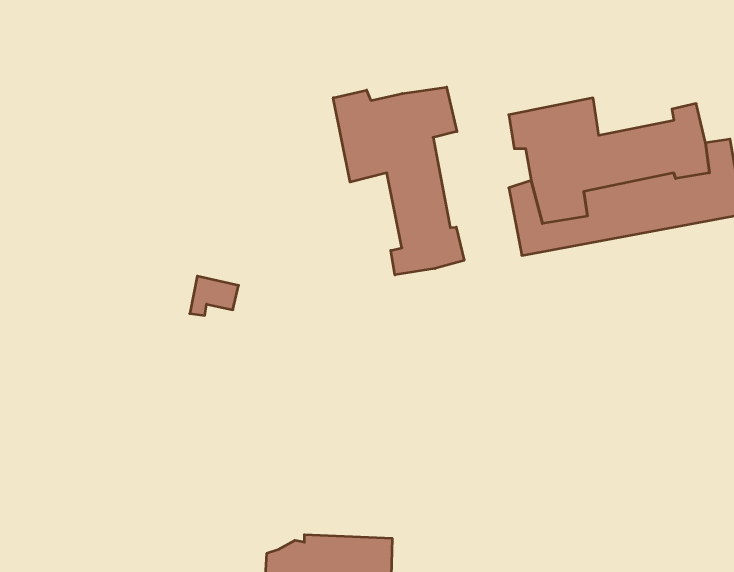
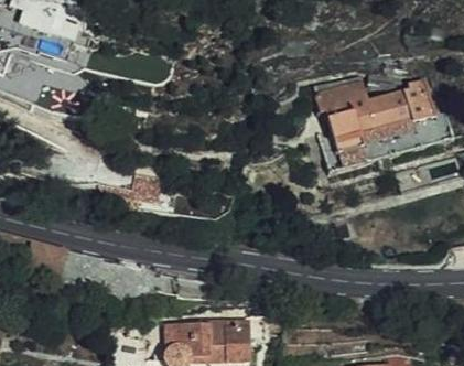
building: [333,87,464,275] -> none

